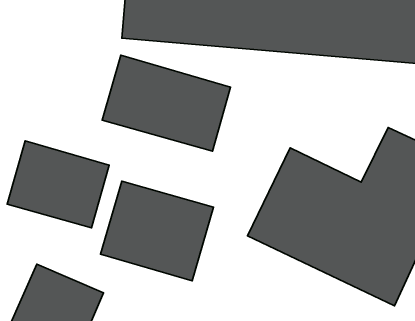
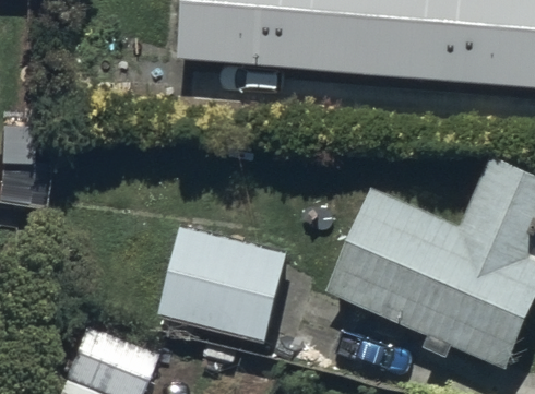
building: [102,55,231,151] -> none
building: [7,141,109,228] -> none

